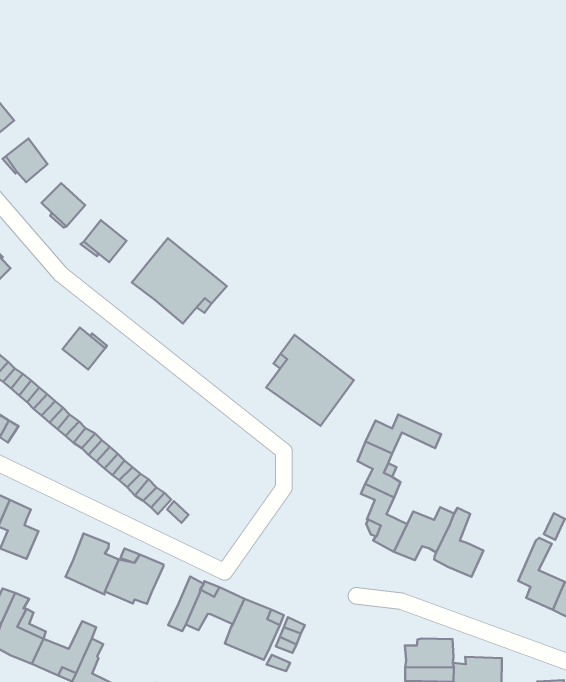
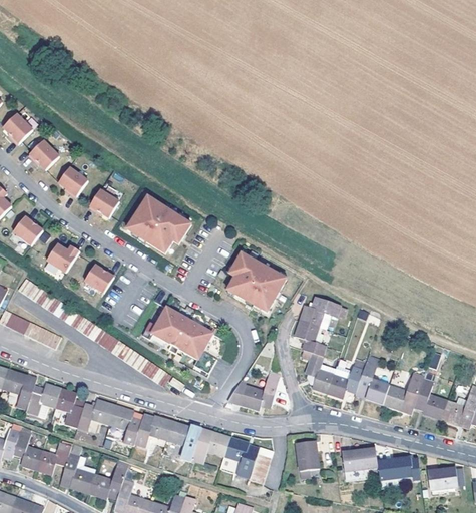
building: none -> [46,242,78,272]
building: none -> [141,307,216,373]
building: none -> [227,372,279,408]
building: none -> [76,399,113,432]
building: none -> [382,370,423,412]
building: none -> [164,420,189,445]
building: none -> [296,440,318,469]

